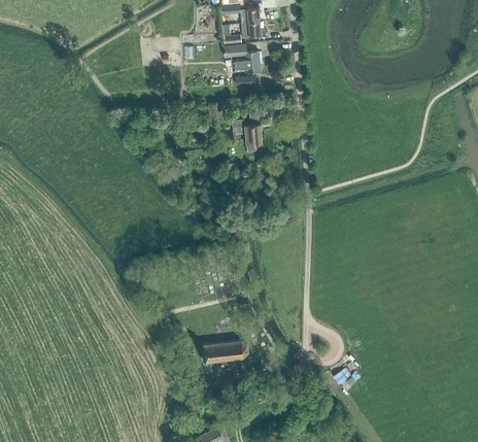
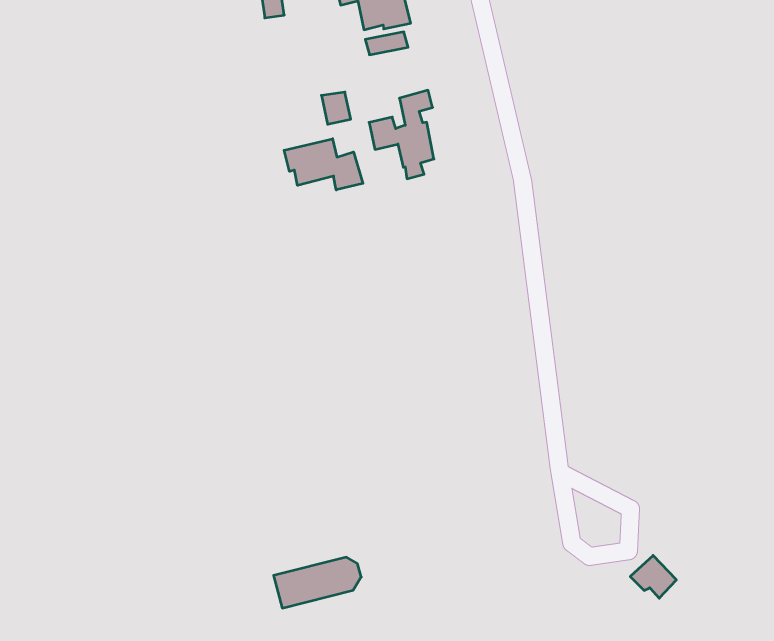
building: none -> [284,139,363,190]
building: [203,340,248,362] -> [274,557,361,608]

